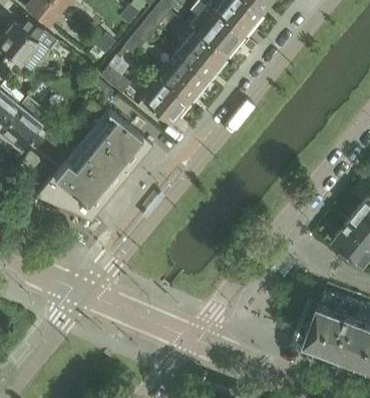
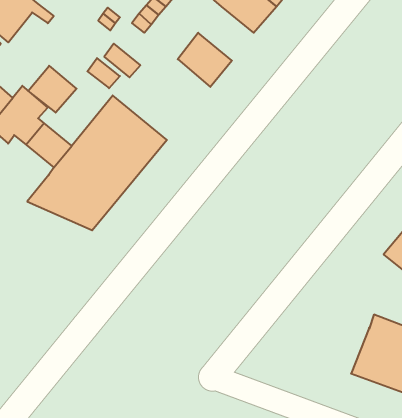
building: [177,35,224,80] -> none
building: [141,79,188,124] -> none
building: none -> [28,66,77,113]

